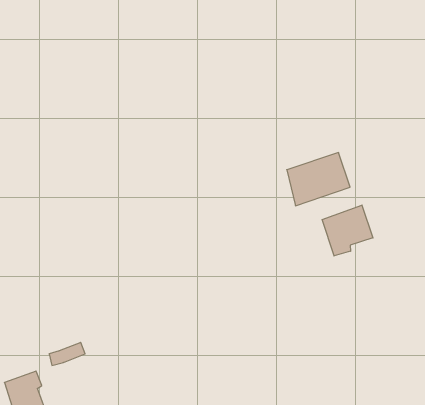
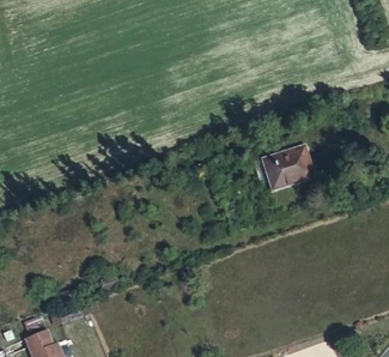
building: [322,205,373,256] -> none

